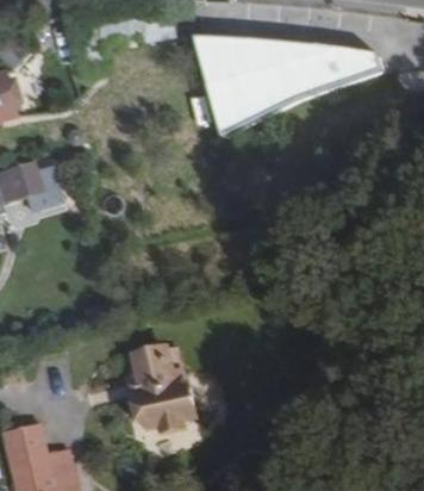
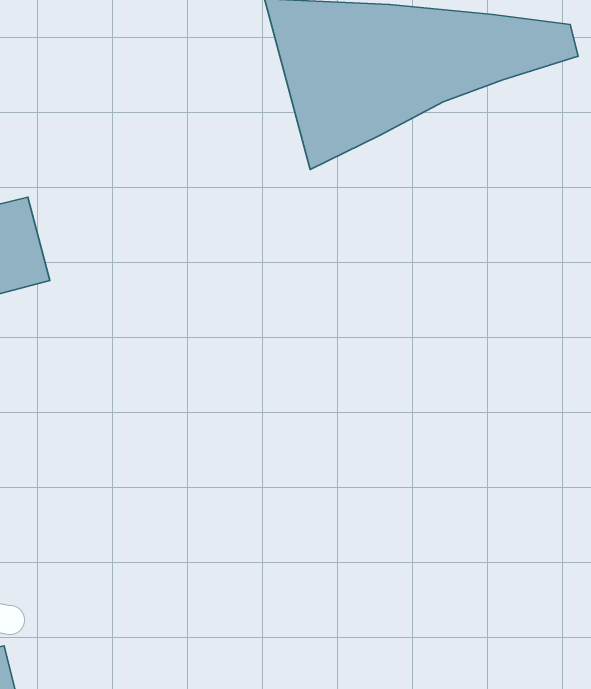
building: [127,349,195,437] -> none

